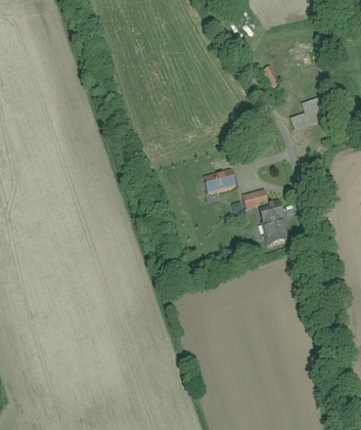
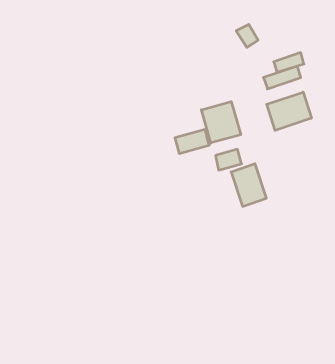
building: none -> [267,92,311,130]
building: none -> [201,102,241,143]

